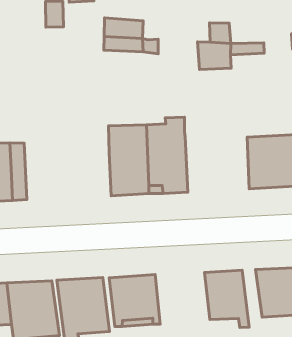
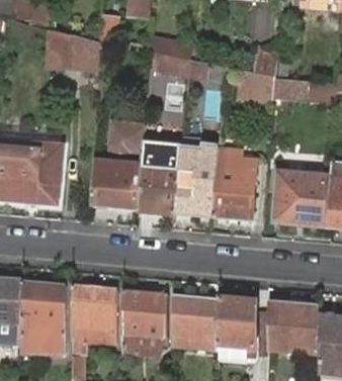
building: none -> [53,33,106,71]
building: none -> [91,122,141,209]
building: none -> [212,157,255,219]
building: none -> [173,293,218,349]

